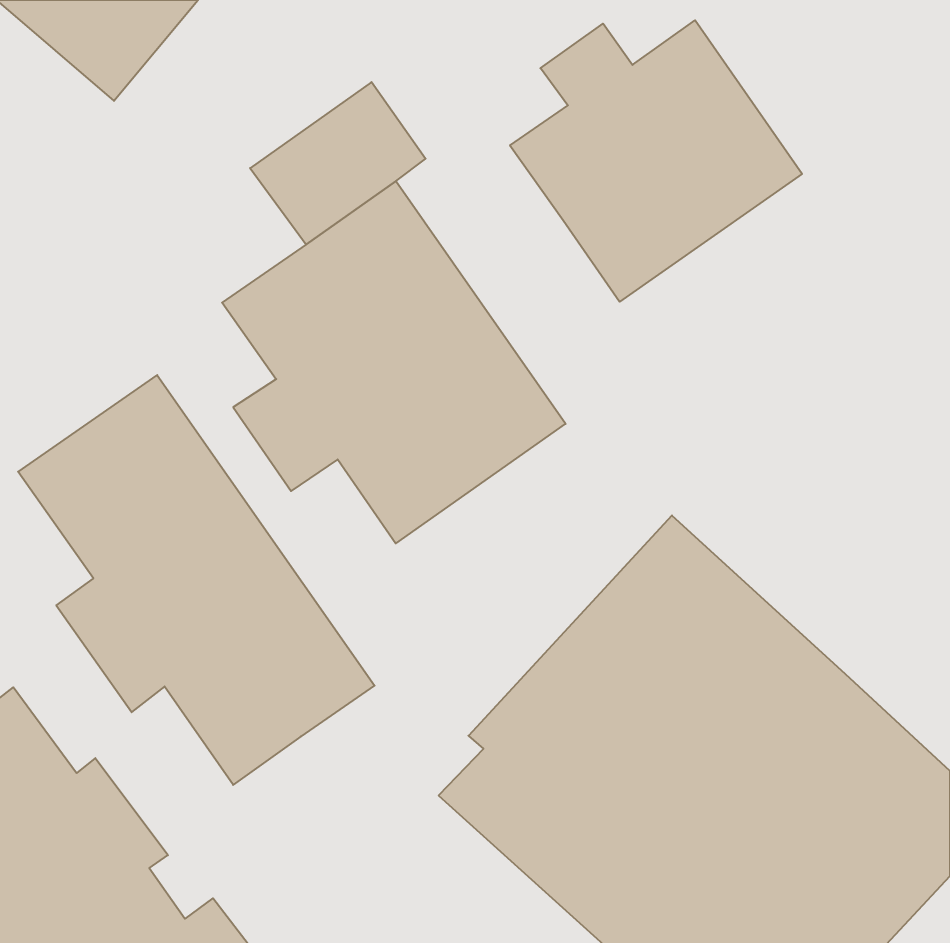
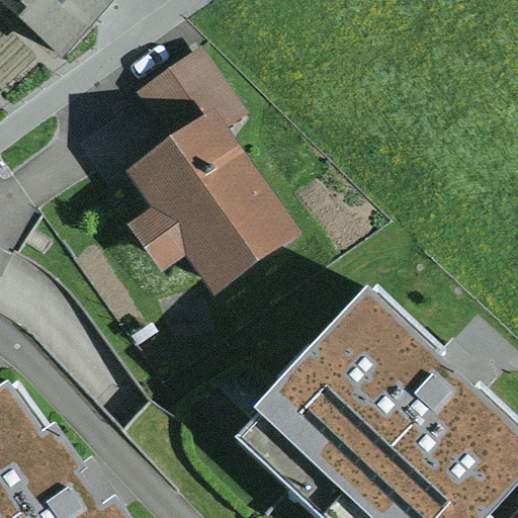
building: [510,20,802,302] -> none
building: [18,375,375,785] -> none

